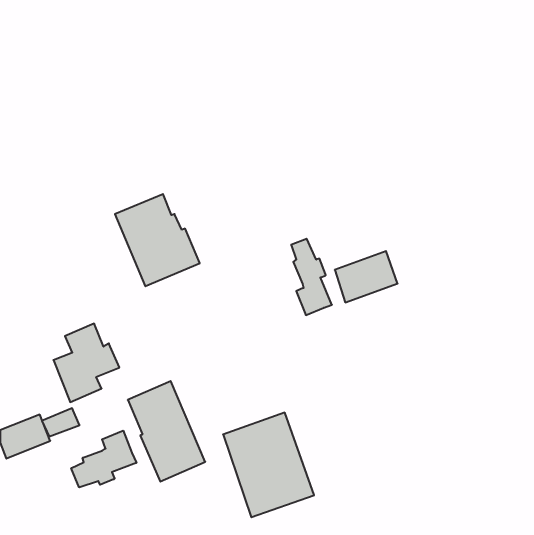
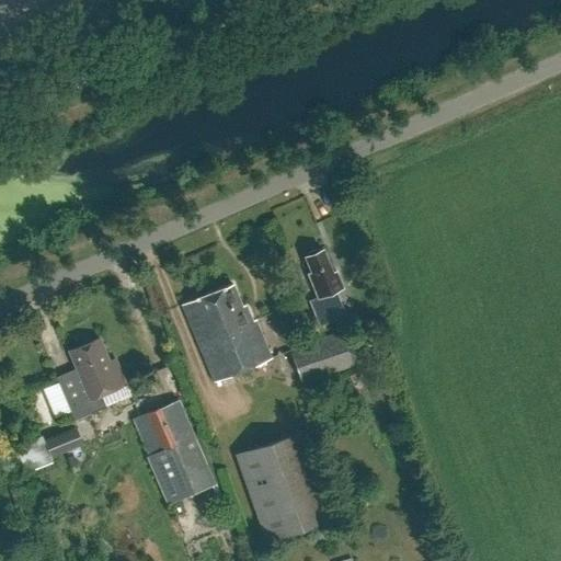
building: [115,194,200,286] -> [182,285,271,381]
building: [335,251,398,302] -> [290,330,356,383]
building: [71,431,136,487] -> none

